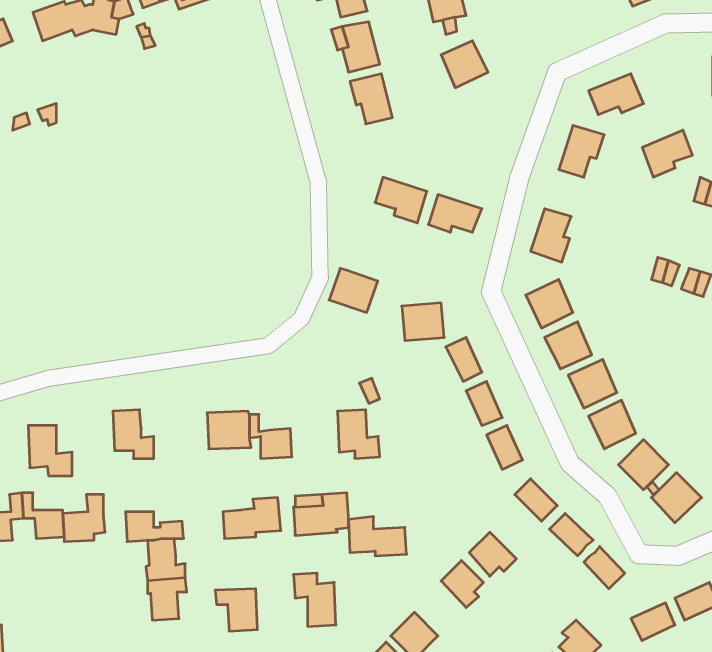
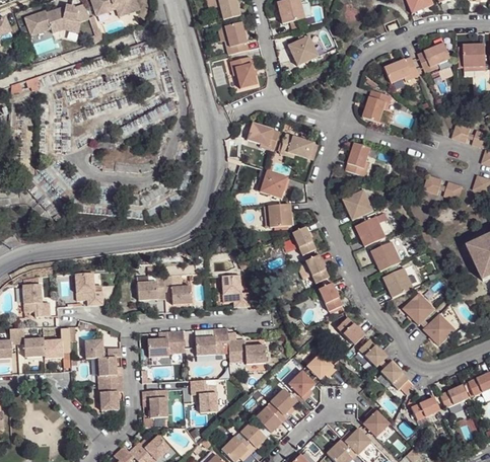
building: [642,130,692,177] -> [418,43,450,73]
building: [329,268,378,312] -> [256,169,287,198]
building: none -> [270,388,297,418]

